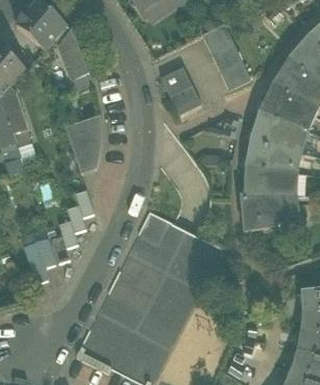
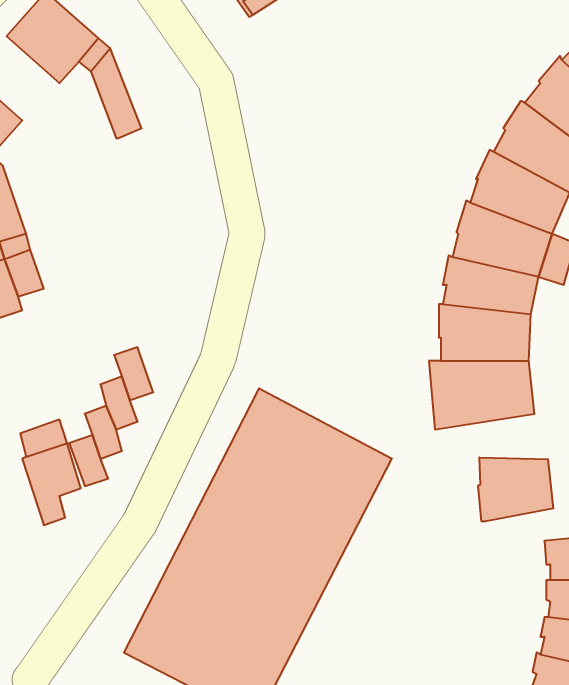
building: [201,23,250,89] -> none
building: [160,65,200,114] -> none
building: [64,114,100,171] -> none
building: none -> [478,457,553,522]

